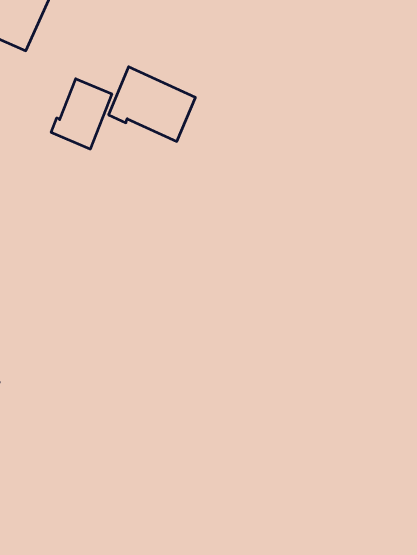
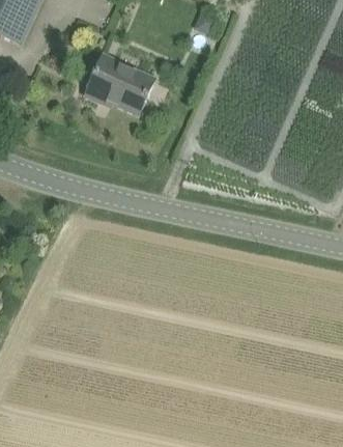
building: [51,79,112,149] -> none

